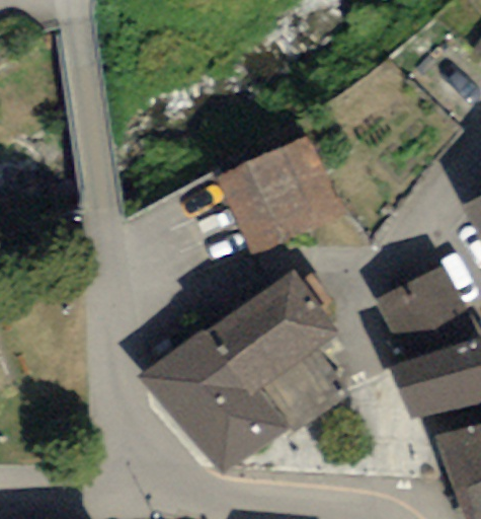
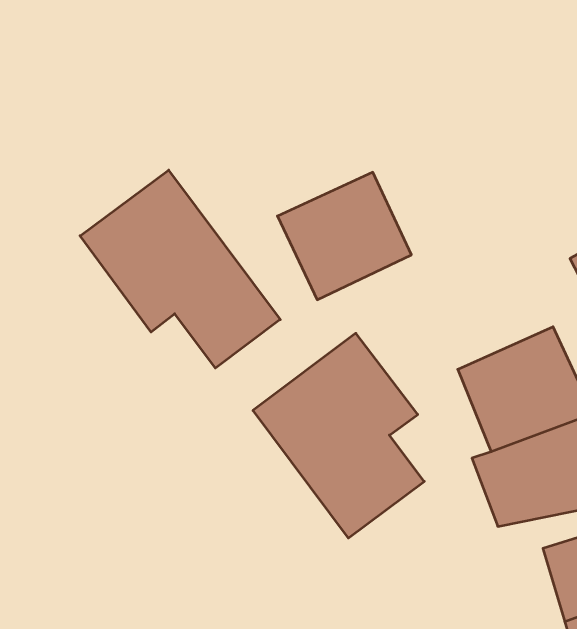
building: none -> [80,170,280,368]
building: [144,321,292,476] -> none

